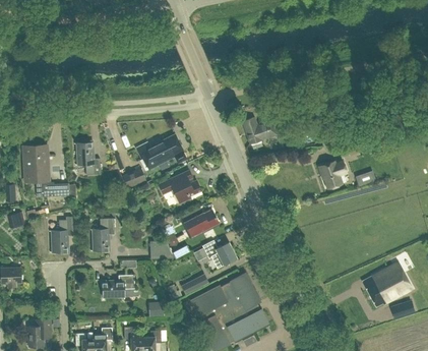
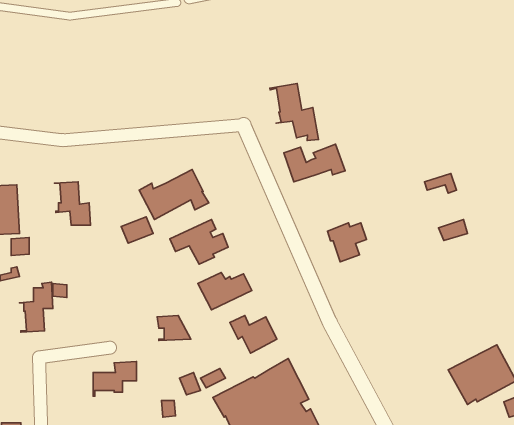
building: none -> [270,83,319,140]
building: [318,160,347,188] -> [328,223,367,262]
building: [89,218,114,250] -> none

